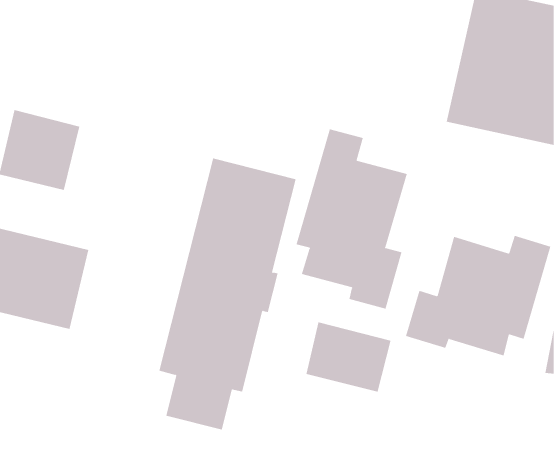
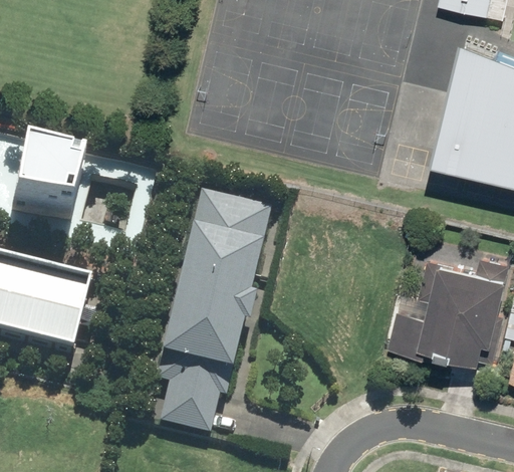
building: [296,128,408,309] -> none
building: [306,322,391,392] -> none

